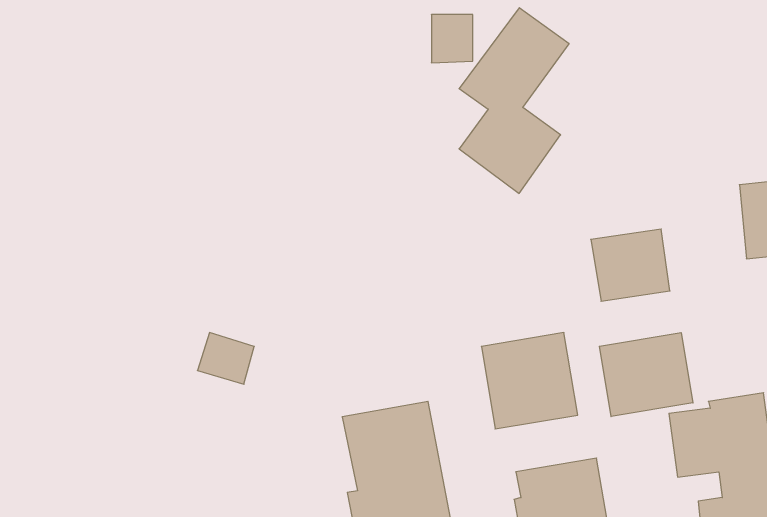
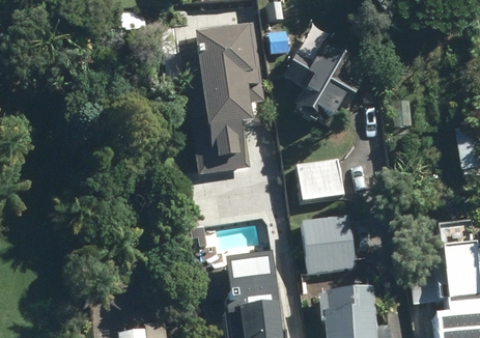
building: none -> [196,22,269,162]
building: [591,229,670,301] -> [298,158,345,201]
building: [599,333,693,417] -> none

